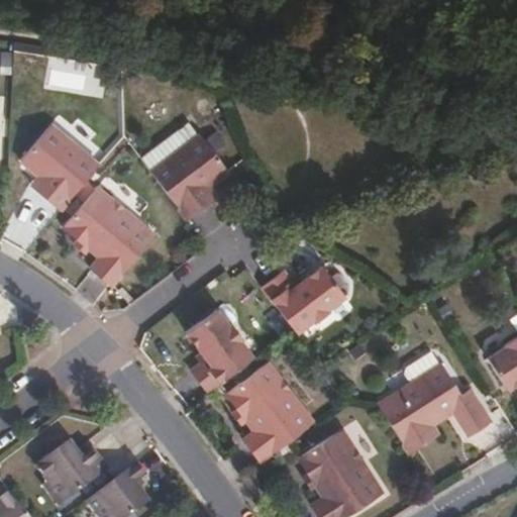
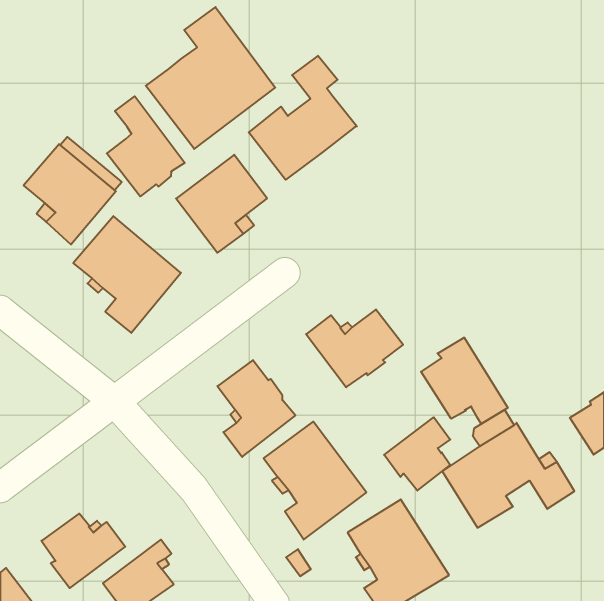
building: none -> [146,7,275,149]
building: none -> [249,56,357,180]
building: none -> [107,96,185,196]
building: none -> [421,337,508,424]
building: none -> [384,417,450,491]

